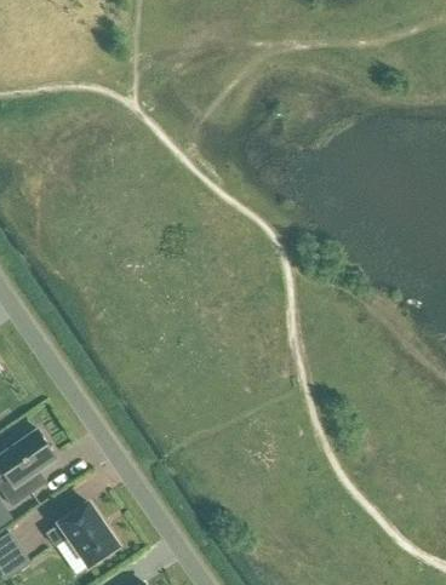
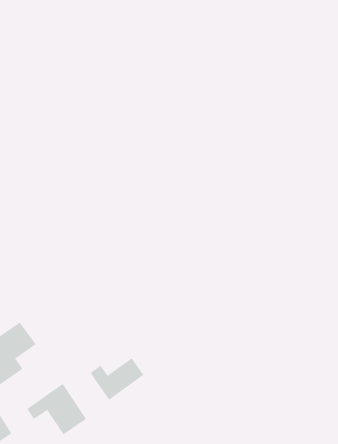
building: none -> [90,357,144,401]

